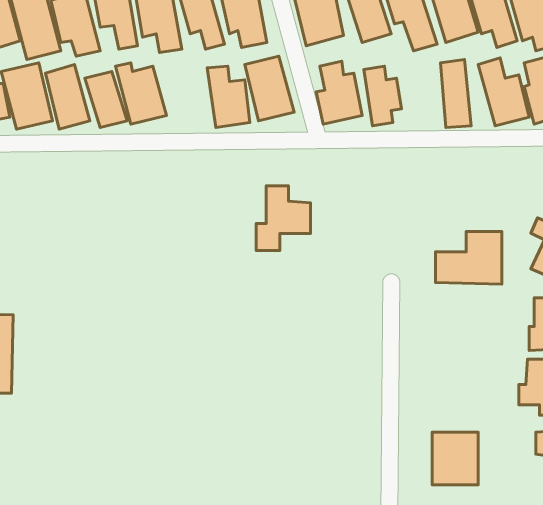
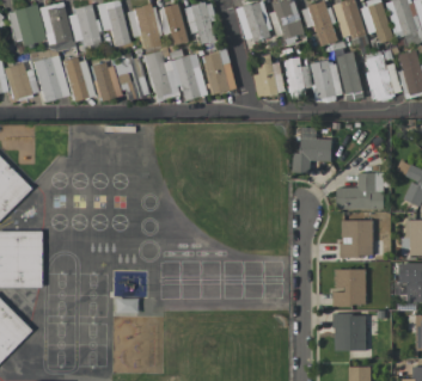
building: none -> [146,50,179,102]
building: none -> [313,61,342,98]
building: [256,186,311,251] -> [294,128,332,173]
building: none -> [341,220,373,257]
building: none -> [334,269,367,307]

